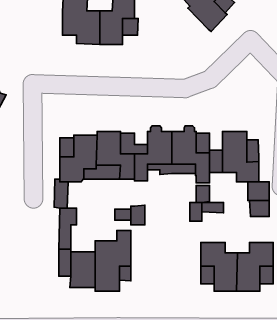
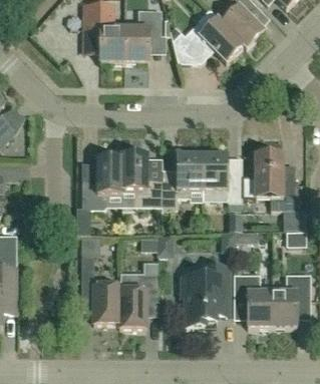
building: none -> [171,19,242,63]
building: none -> [183,267,229,327]

